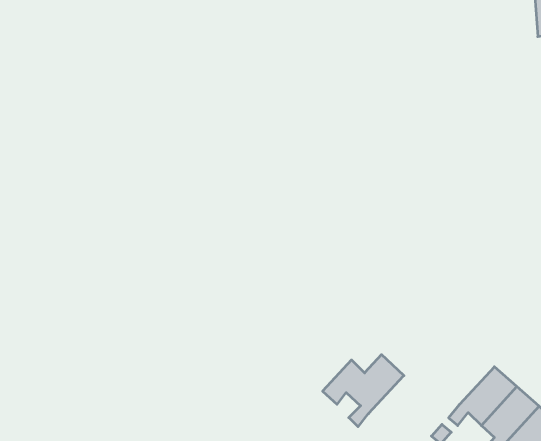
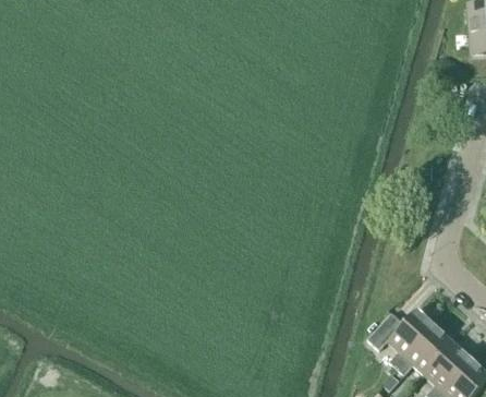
building: [323,355,404,427] -> [368,309,436,369]

